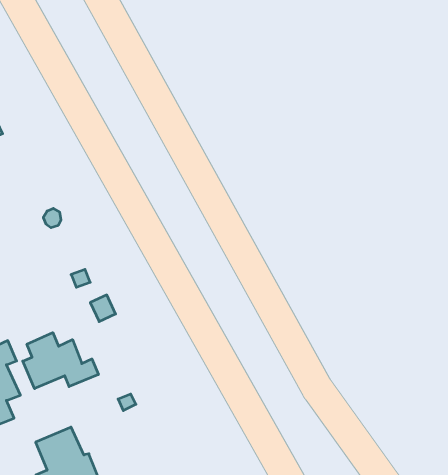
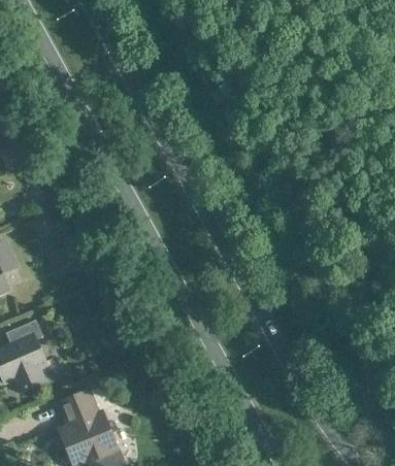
building: [23,333,98,389] -> none

